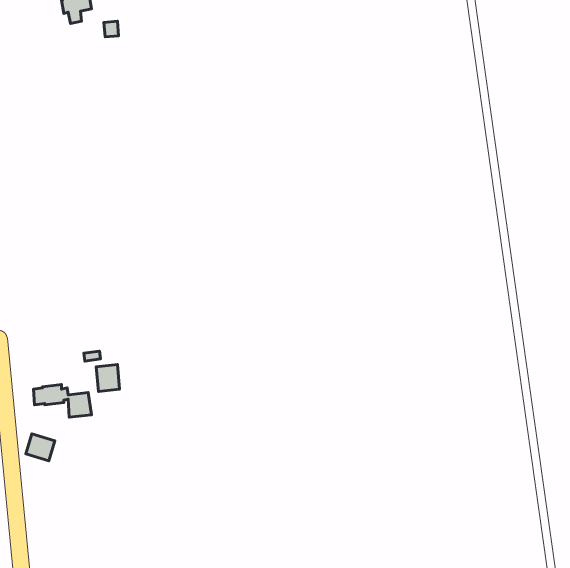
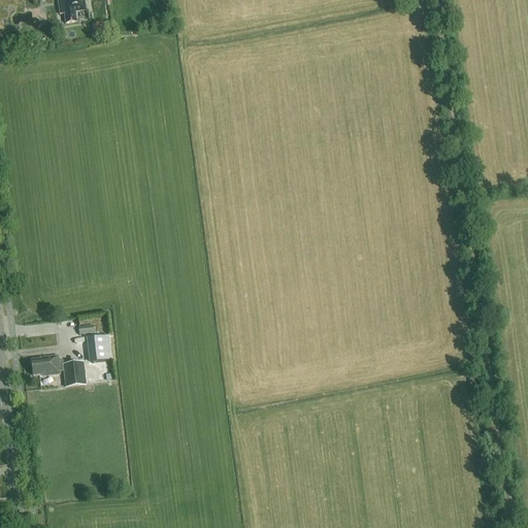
building: [26,434,55,461] -> none

